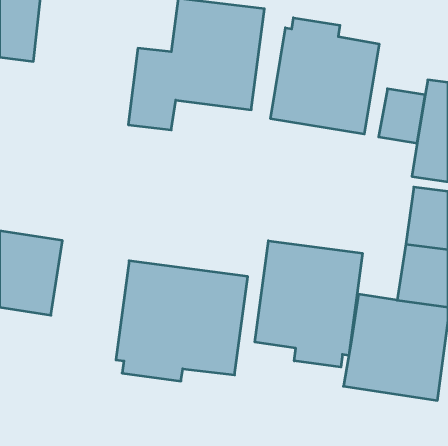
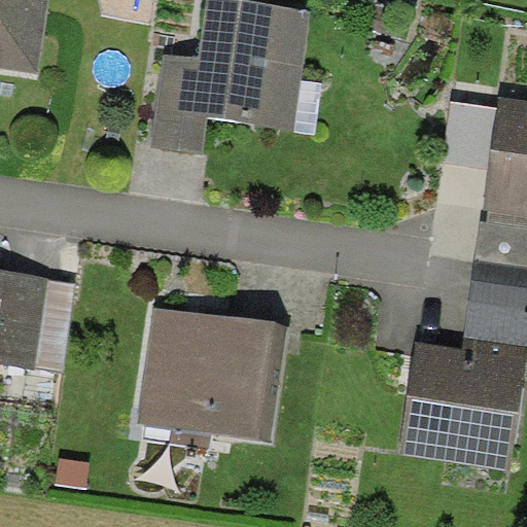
building: [271,18,379,134] -> none
building: [255,241,362,367] -> none

